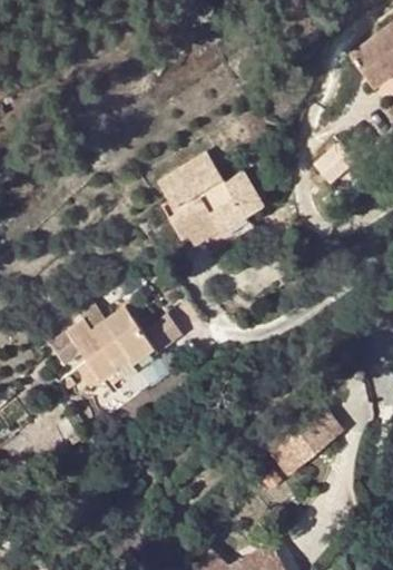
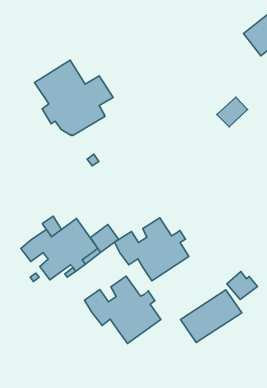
building: [158,154,264,255] -> [35,60,113,135]
building: none -> [115,218,189,281]
building: none -> [85,276,161,344]

